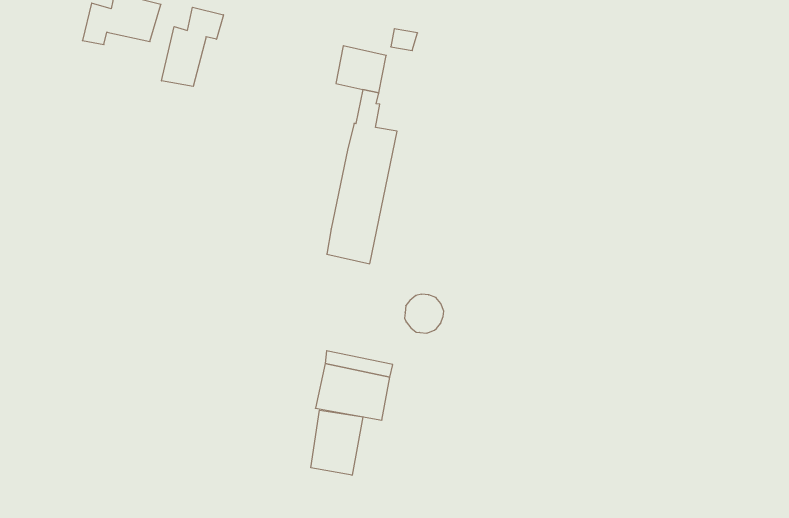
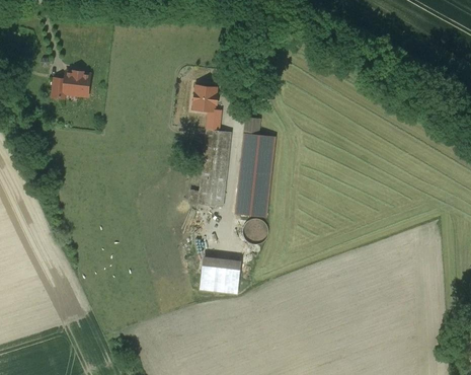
building: [162,7,223,86] -> none
building: none -> [236,117,274,216]
building: [311,410,363,475] -> none

